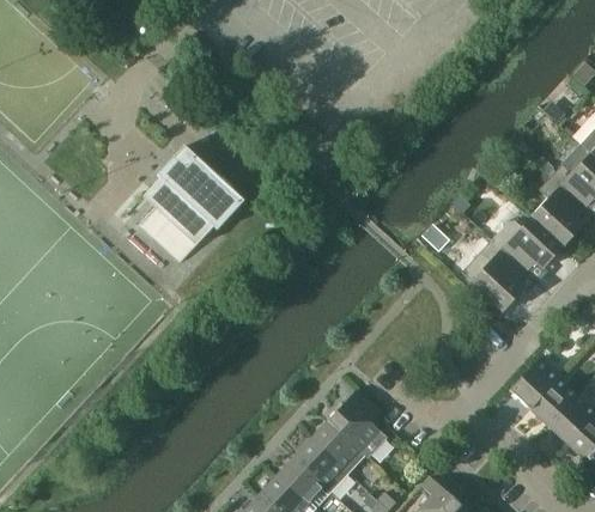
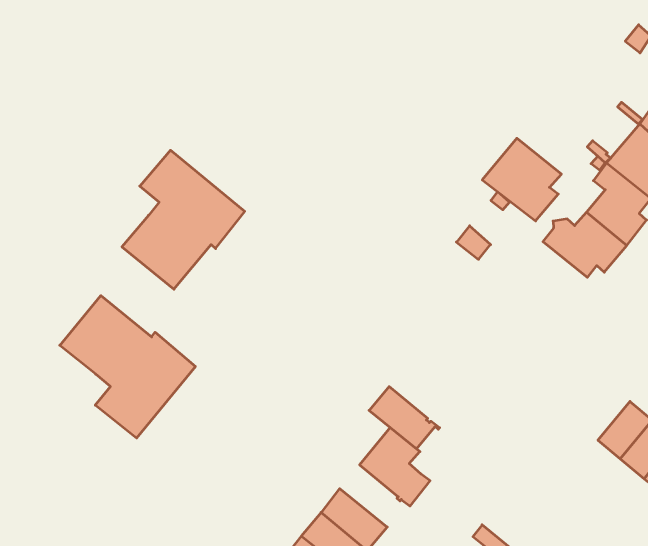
building: [462,240,529,311] -> [482,138,561,221]
building: none -> [60,296,195,438]
building: [510,358,561,410] -> none
building: [310,420,369,474] -> [369,387,440,449]

